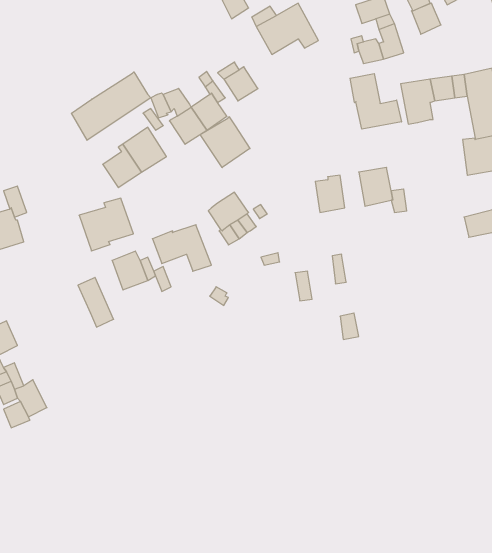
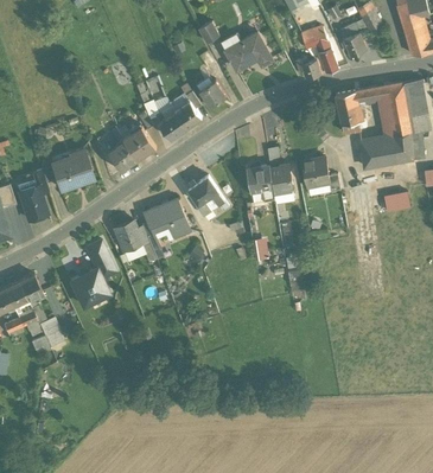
building: [71,72,151,140] -> none
building: [350,74,401,129] -> none
building: [200,117,250,168] -> none
building: none -> [361,135,386,166]
building: none -> [248,165,274,202]
building: [79,198,133,251] -> [51,151,93,191]
building: none -> [70,268,109,306]

